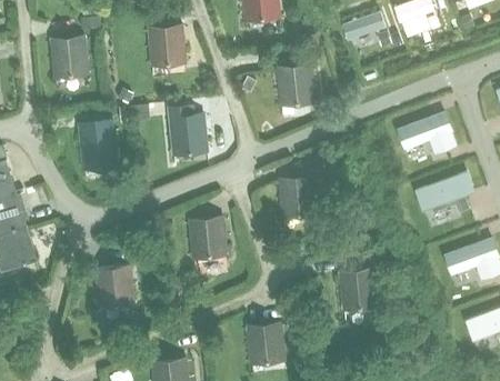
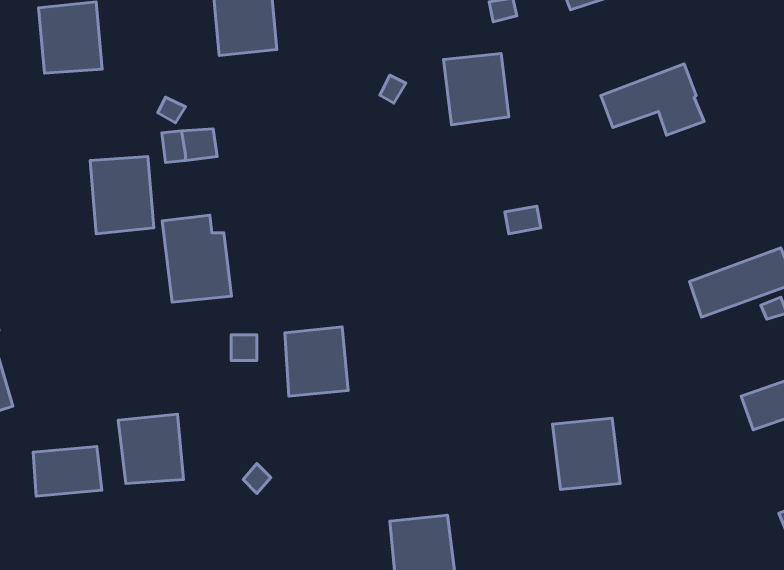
building: [168,104,207,153] -> [162,215,232,302]
building: [398,114,456,154] -> [601,64,704,135]
building: [280,176,317,214] -> none
building: none -> [33,446,102,496]

